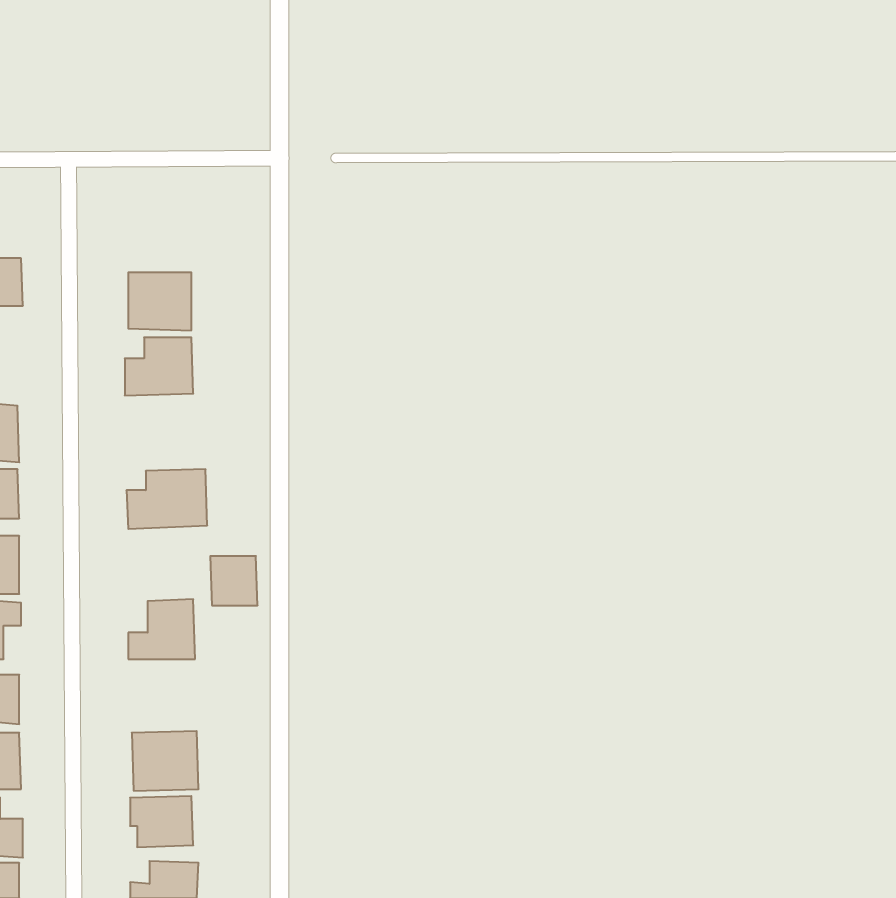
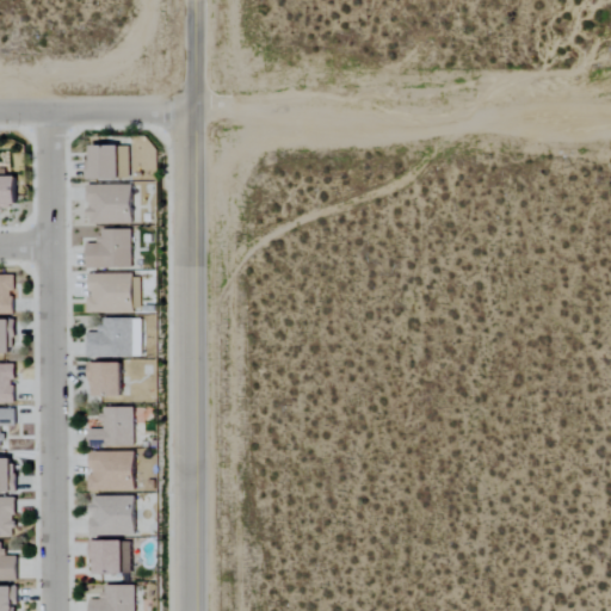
building: none -> [86,146,129,179]
building: none -> [86,273,140,314]
building: [210,556,258,605] -> [88,363,121,396]
building: none -> [87,451,132,493]

